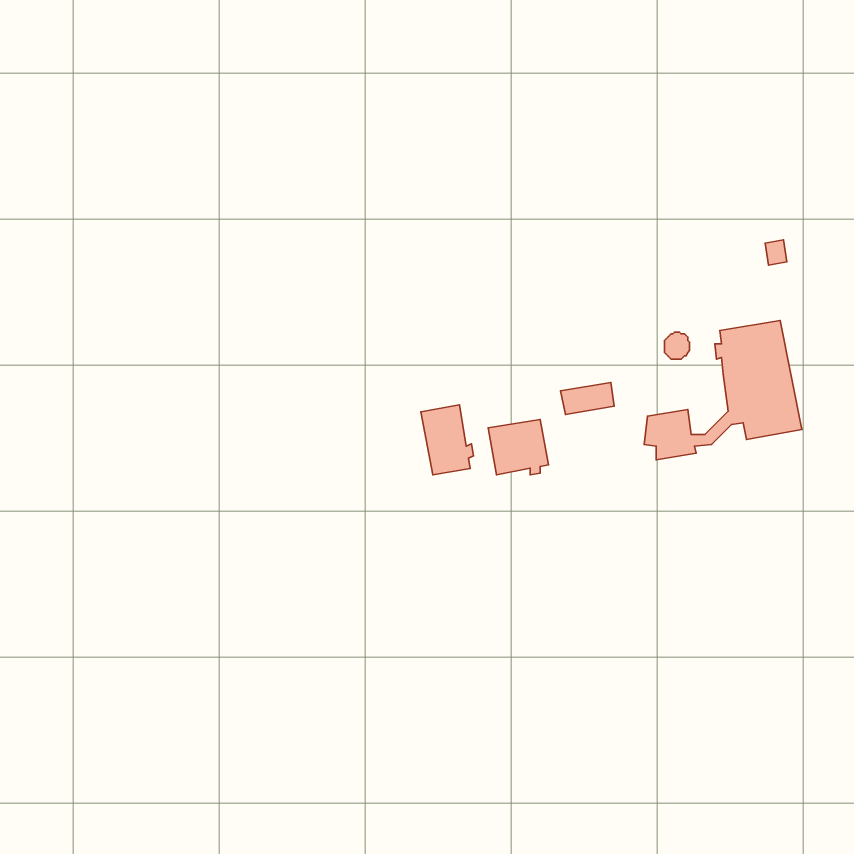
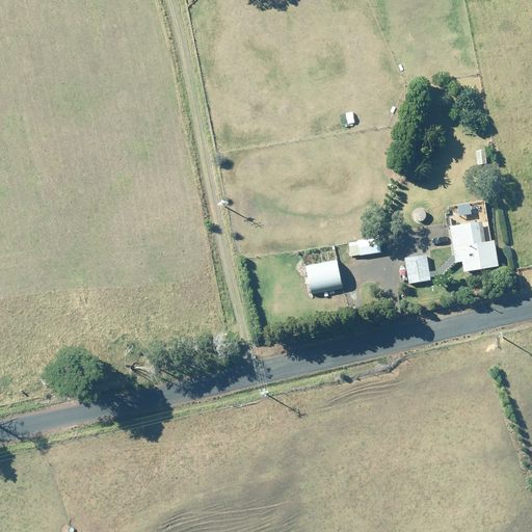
building: [421,405,474,475] -> none

